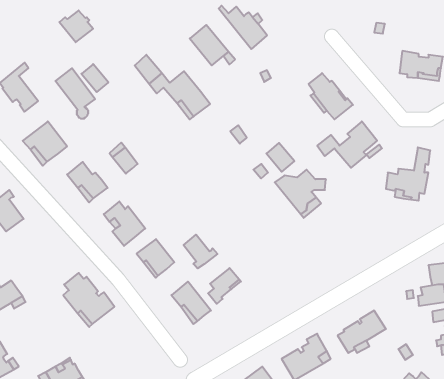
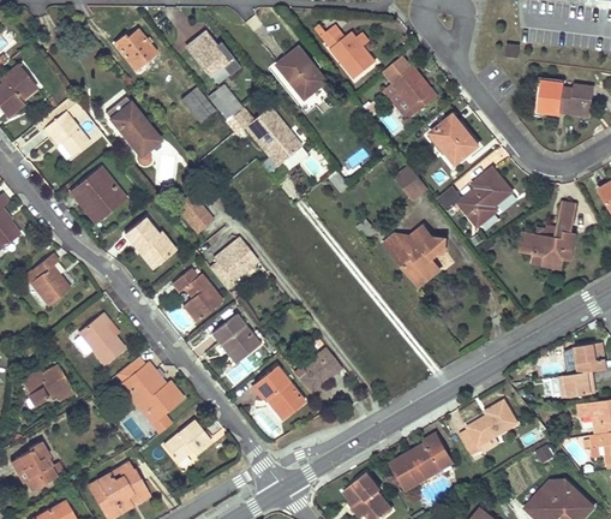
building: none -> [187,36,228,76]
building: none -> [384,66,437,118]
building: [81,64,108,92] -> [182,88,216,123]
building: [266,143,294,172] -> [394,165,429,201]
building: none -> [208,234,257,287]
building: [184,235,217,268] -> none
building: none -> [78,312,125,364]
building: none -> [163,419,211,461]

